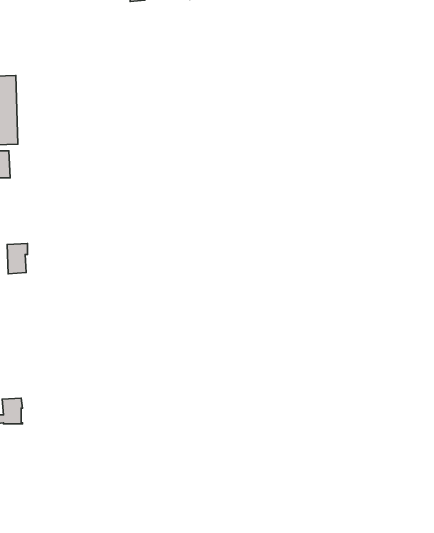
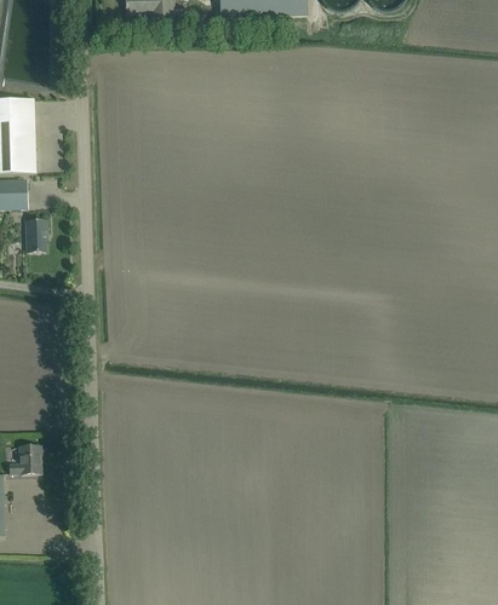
building: [7,243,27,274] -> [24,218,46,250]

